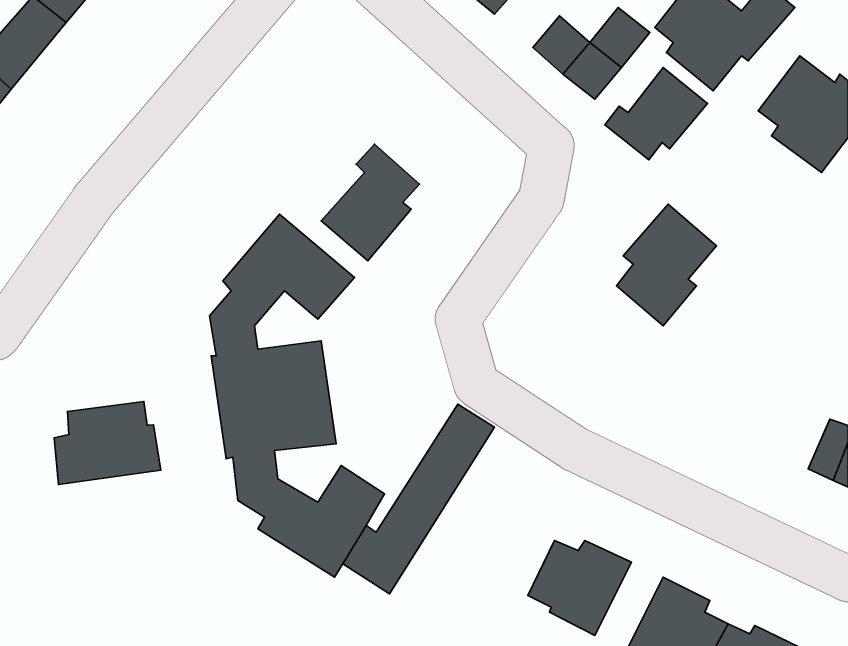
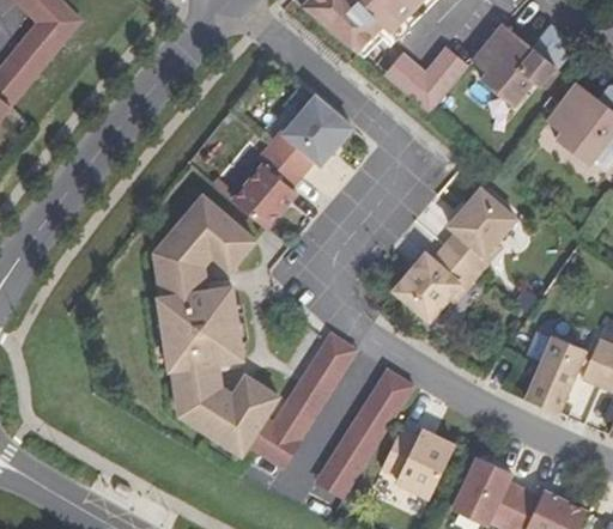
building: [605,67,707,160] -> none
building: none -> [271,96,351,172]
building: none -> [394,245,478,320]
building: [54,402,161,484] -> none
building: none -> [527,335,585,412]
building: none -> [316,367,414,495]

